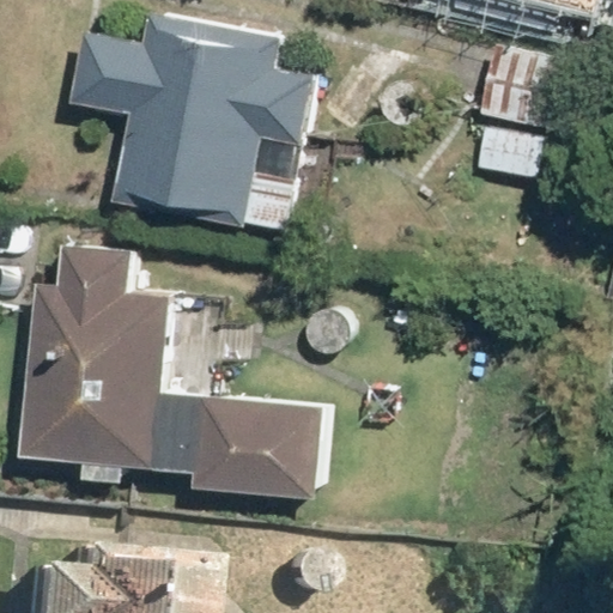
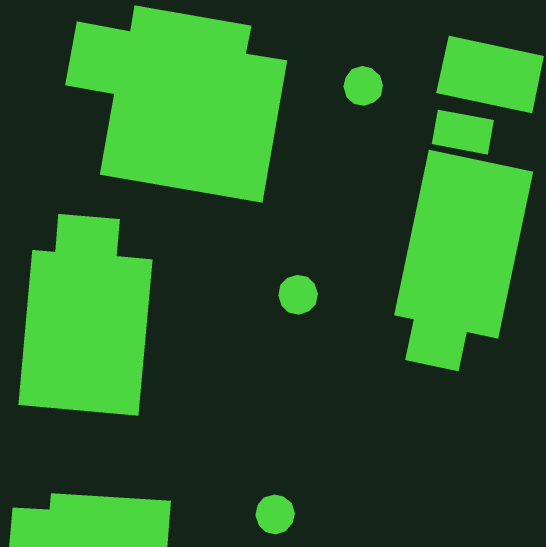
building: none -> [393,149,534,372]
building: [195,395,328,496] -> none

